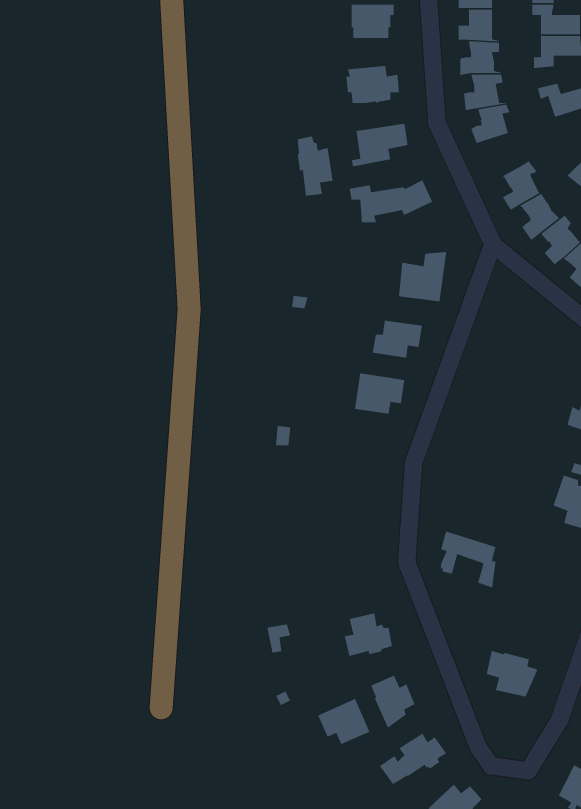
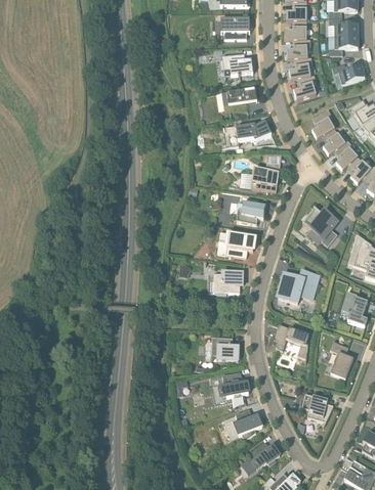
building: [297,136,334,197] -> none
building: none -> [302,206,337,246]
building: none -> [278,269,319,303]
building: none -> [213,271,240,292]
building: none -> [211,337,238,359]
building: none -> [330,341,353,378]
building: [317,698,370,745] -> none

